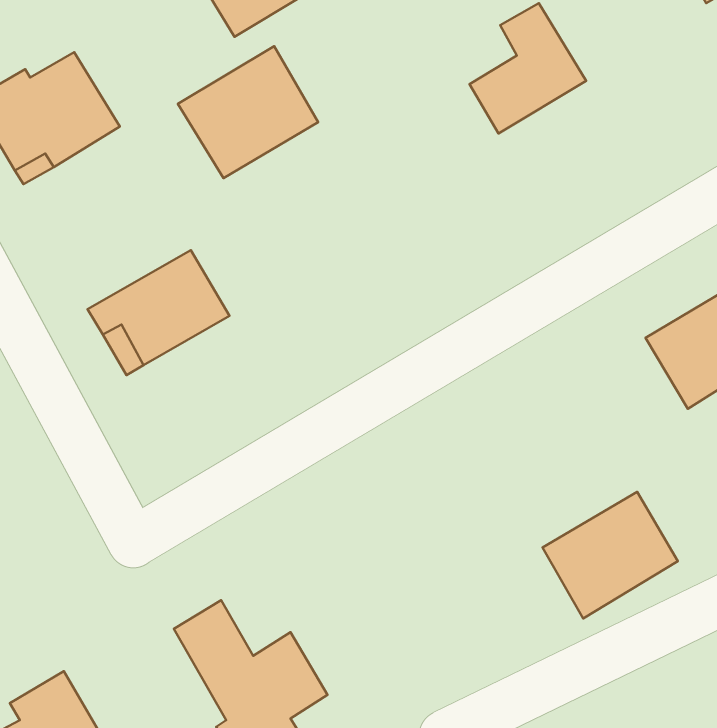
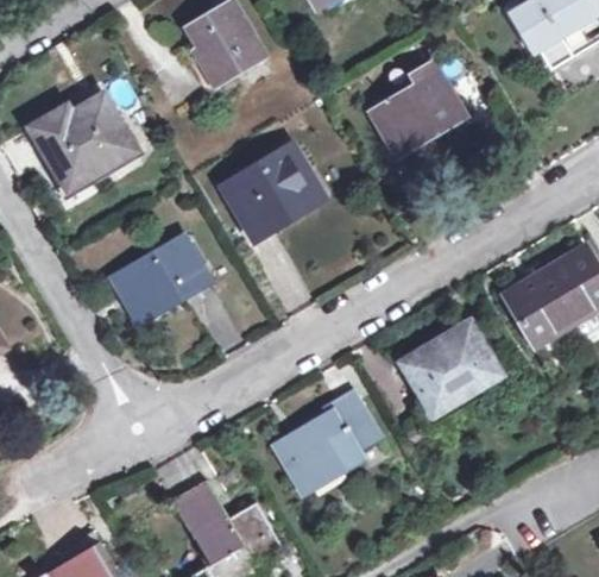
building: [178,46,318,178] -> [223,146,322,239]
building: none -> [272,393,377,493]
building: [542,492,678,619] -> [404,325,499,414]

